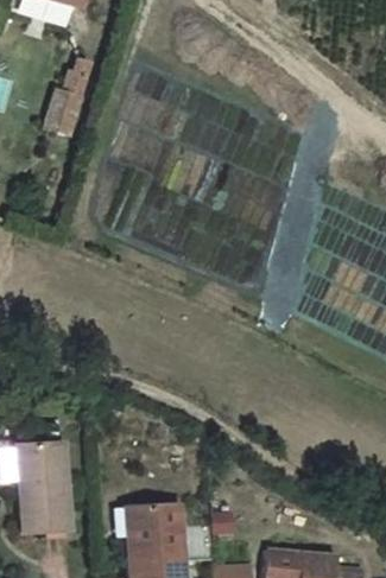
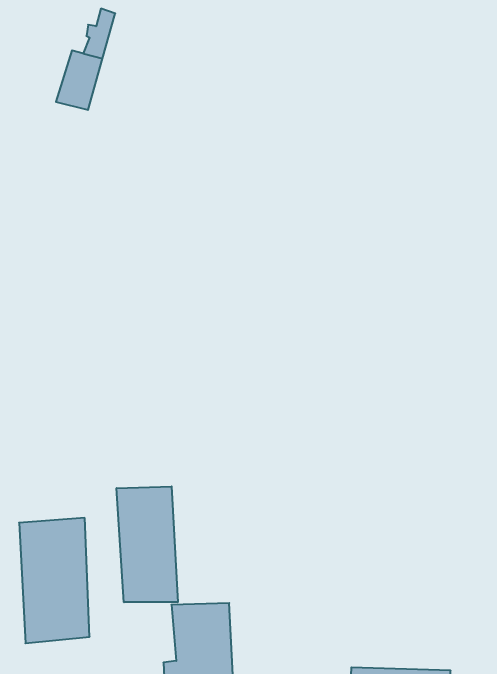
building: none -> [117,486,178,602]

